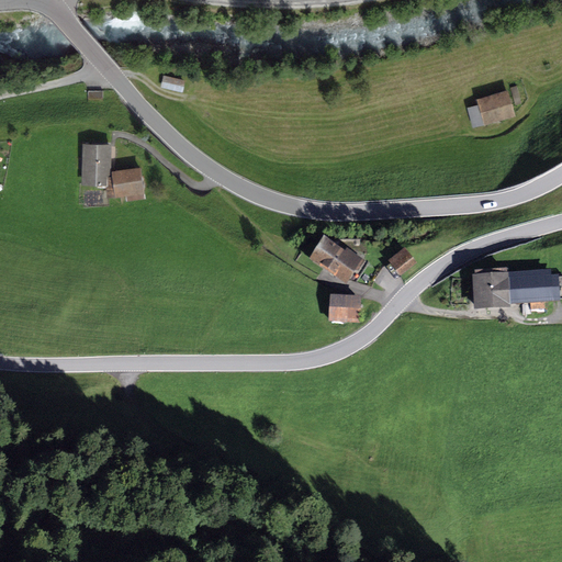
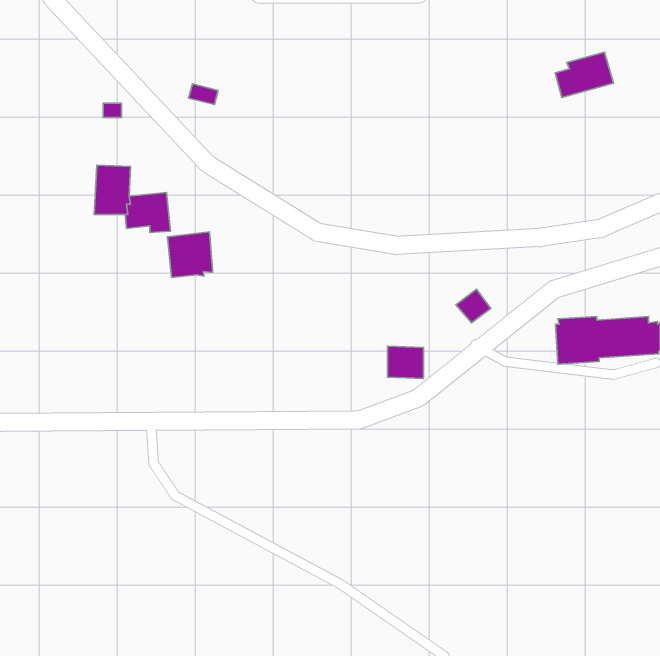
building: [467,87,516,125] -> [555,52,613,97]
building: none -> [168,232,213,278]
building: [310,238,366,284] -> none

